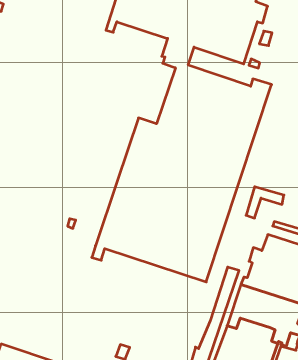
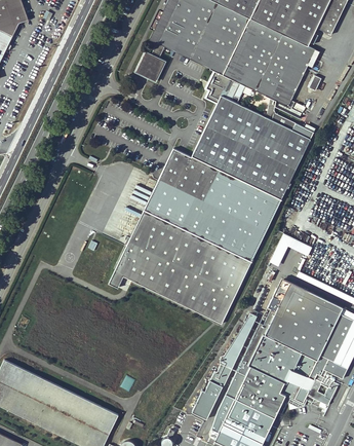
building: none -> [134,50,166,83]

